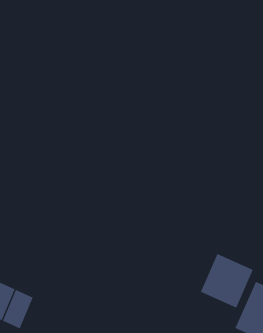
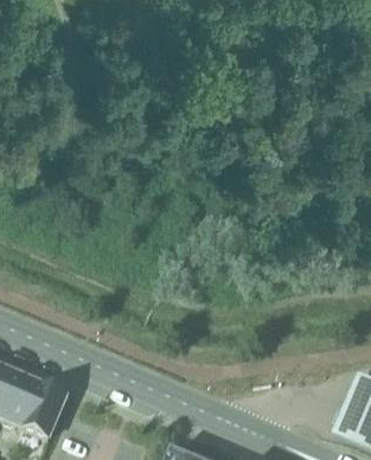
building: [200,253,254,308] -> none

